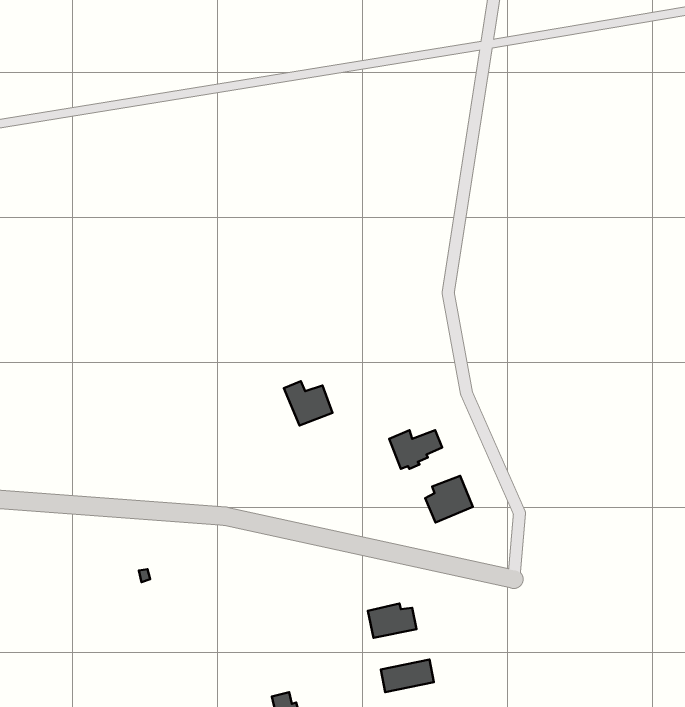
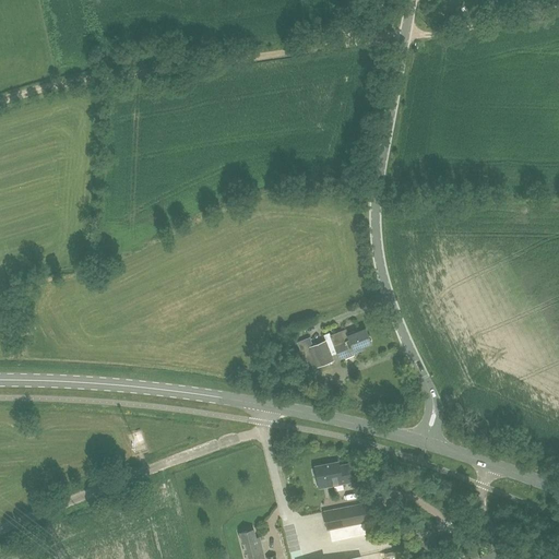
building: [284,381,332,426] -> [296,336,333,370]
building: [425,476,473,523] -> none

